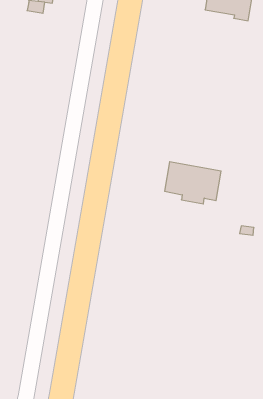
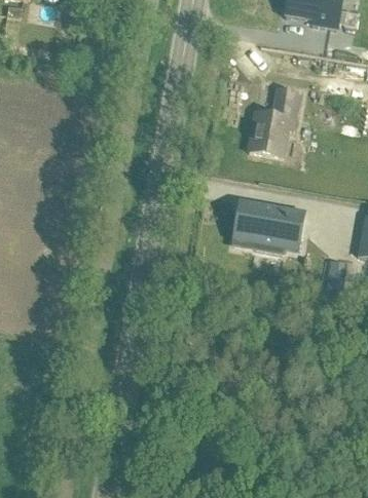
building: none -> [252,87,303,156]

